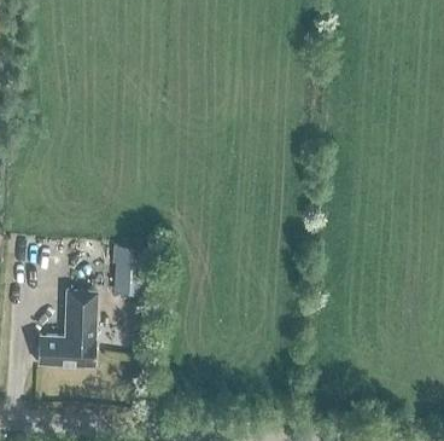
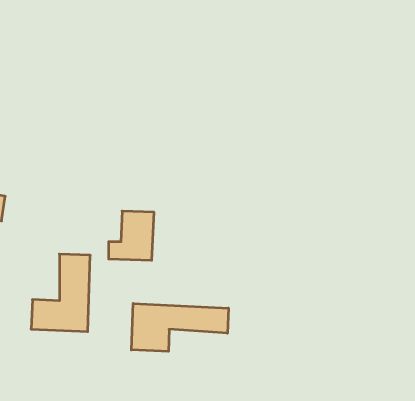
building: none -> [131,303,228,351]

